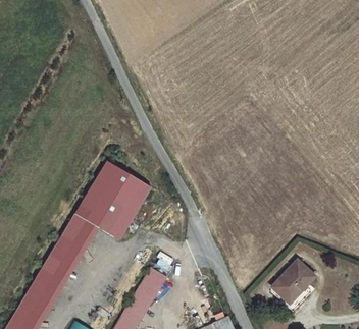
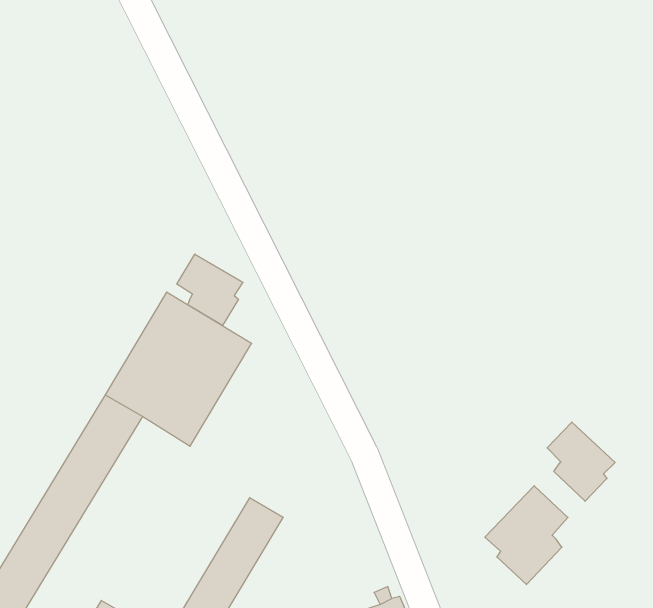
building: none -> [177,254,243,326]
building: none -> [547,422,615,501]

